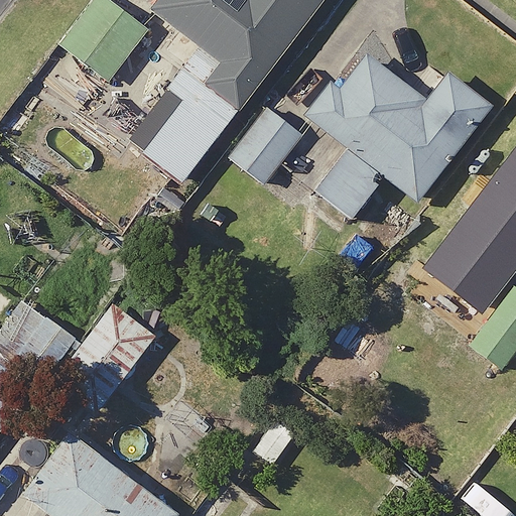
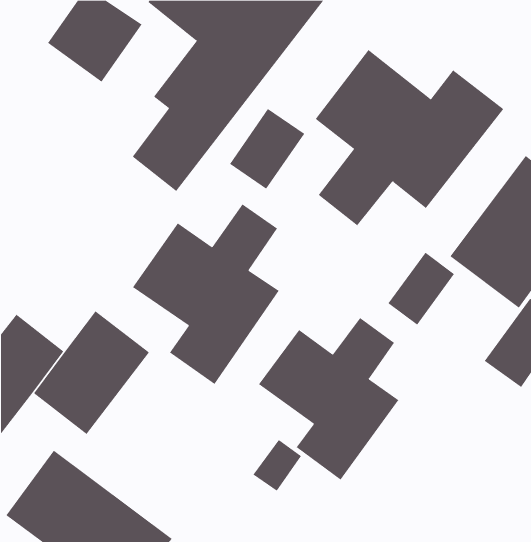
building: none -> [132,204,280,385]
building: none -> [258,317,399,480]

